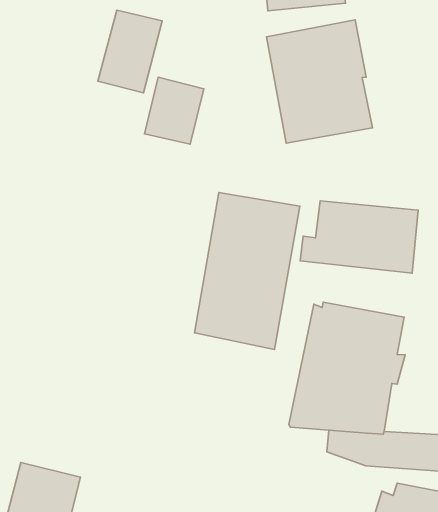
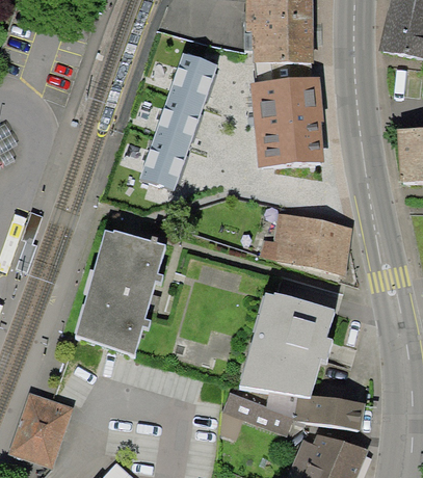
building: [98,10,162,93] -> [164,53,218,118]
building: none -> [139,149,184,191]
building: [195,192,300,349] -> [76,230,166,354]
building: none -> [222,392,295,436]

